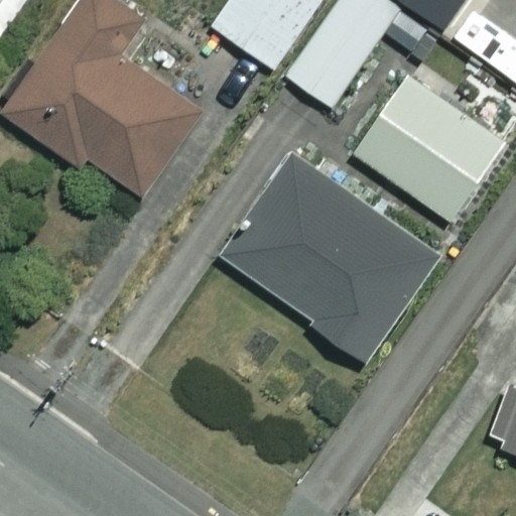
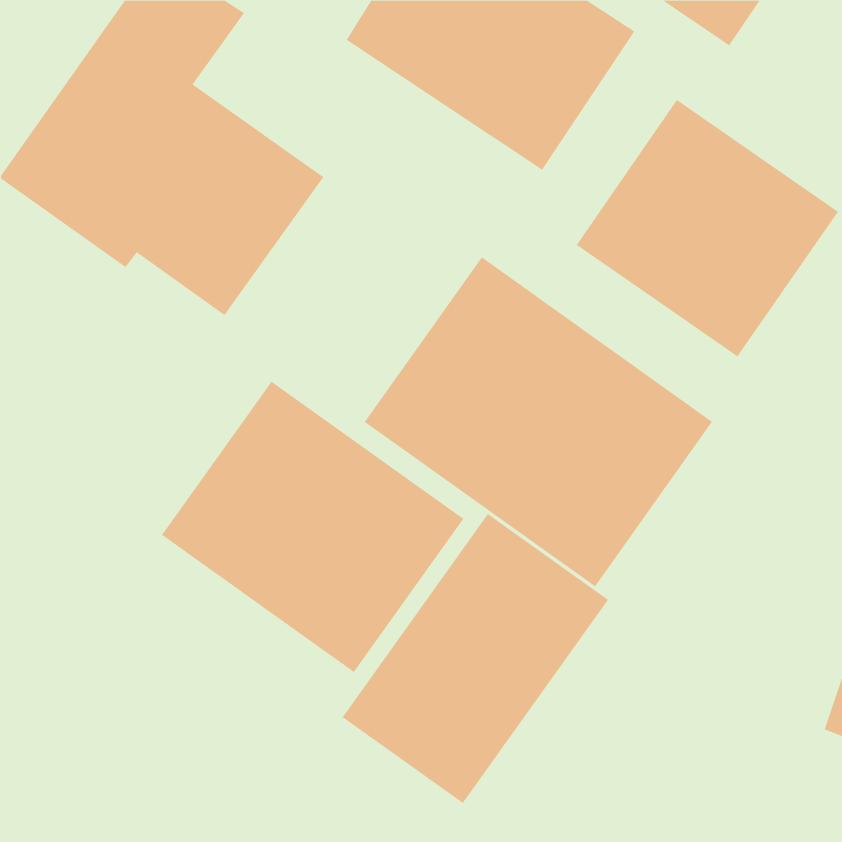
building: none -> [161,381,464,673]
building: none -> [342,513,609,804]

